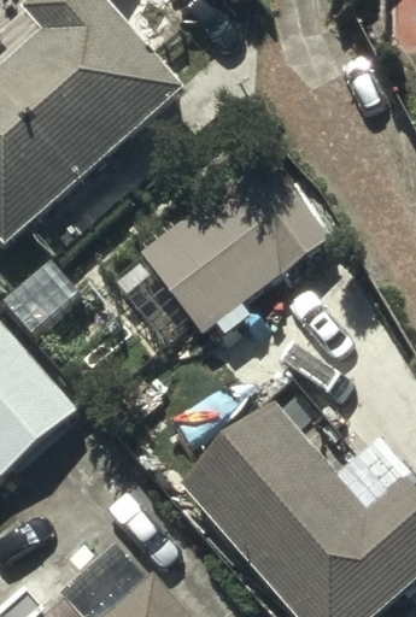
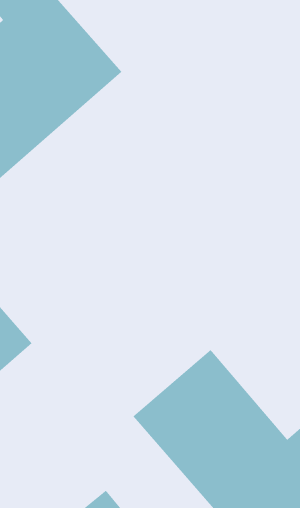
building: [139,157,328,330] -> none

